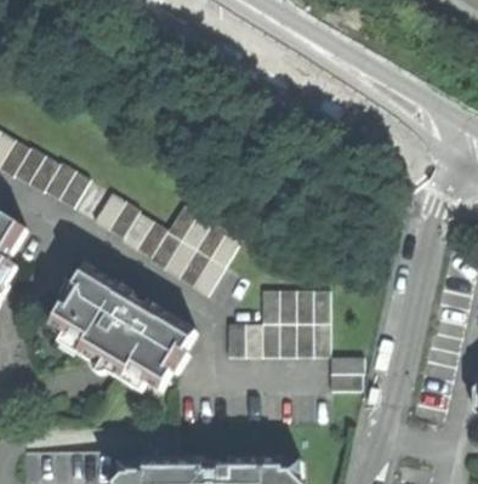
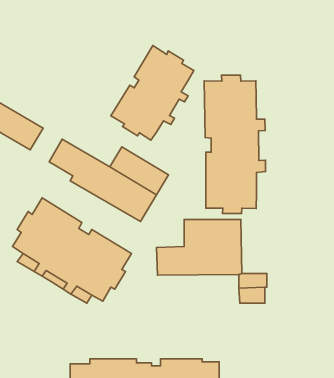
building: none -> [111,46,194,140]
building: none -> [204,75,266,213]

